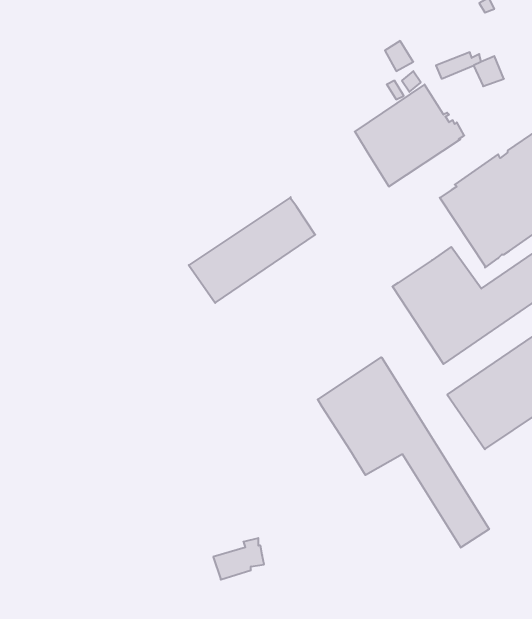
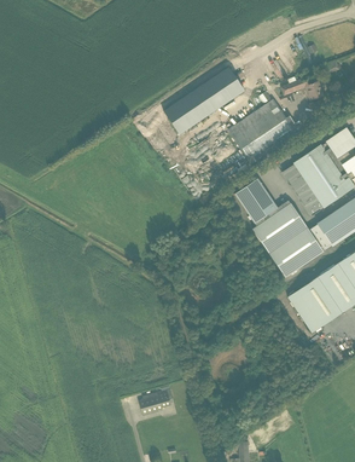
building: [189,197,315,303] -> [163,67,244,134]
building: none -> [234,181,278,225]
building: [318,357,489,548] -> none

